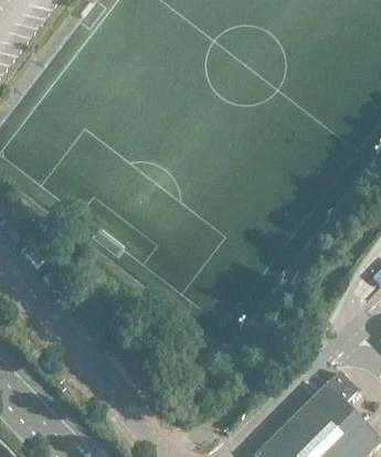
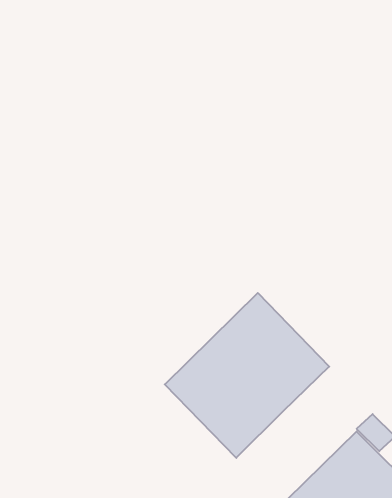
building: none -> [165,293,329,458]

